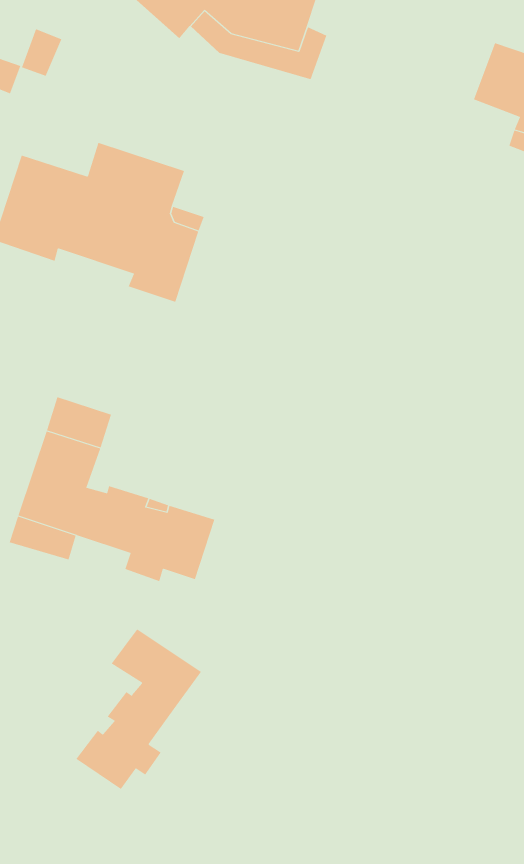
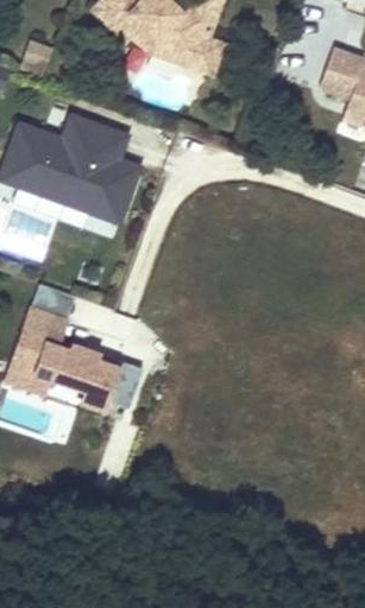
building: [76,628,202,790] -> none

